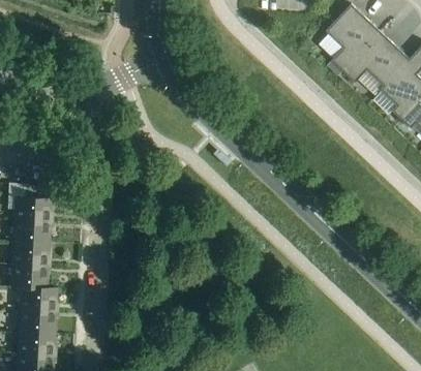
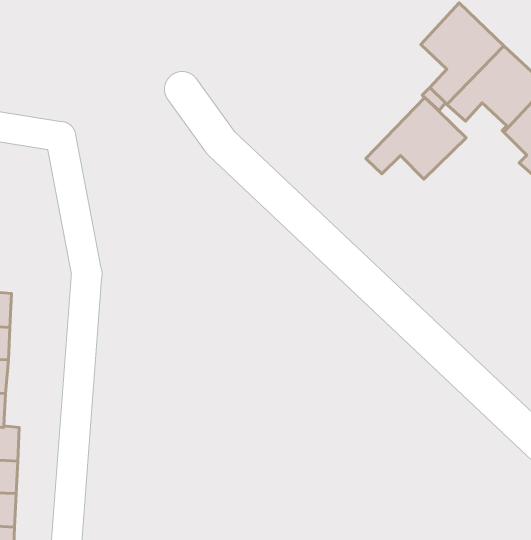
building: none -> [366,98,466,179]

